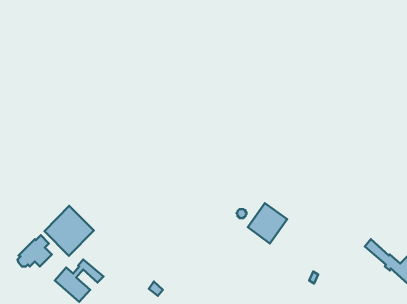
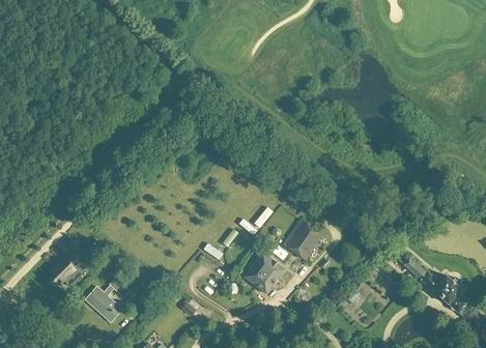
building: [45,206,94,256] -> none
building: none -> [242,252,284,293]

